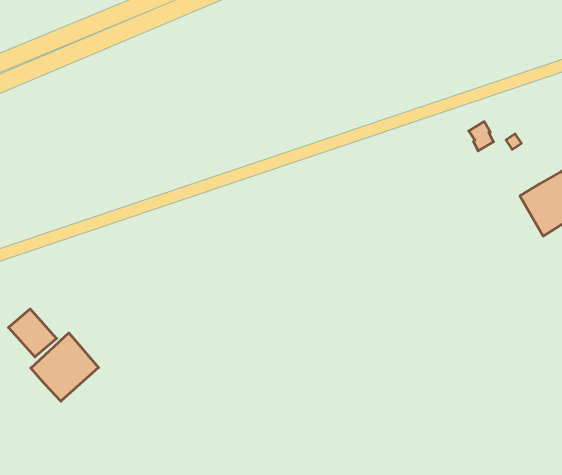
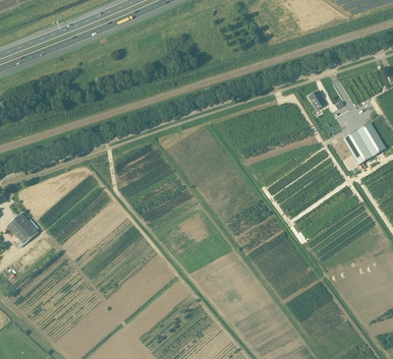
building: [31,333,99,401] -> none

